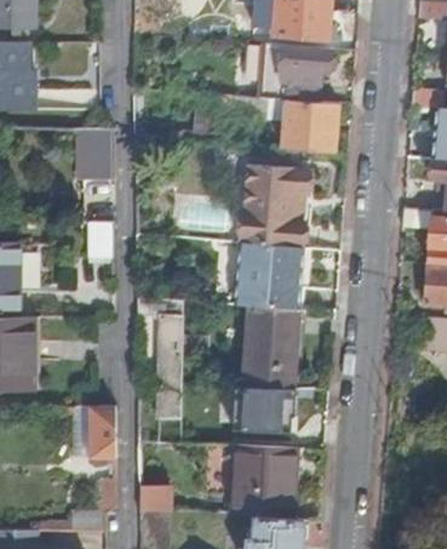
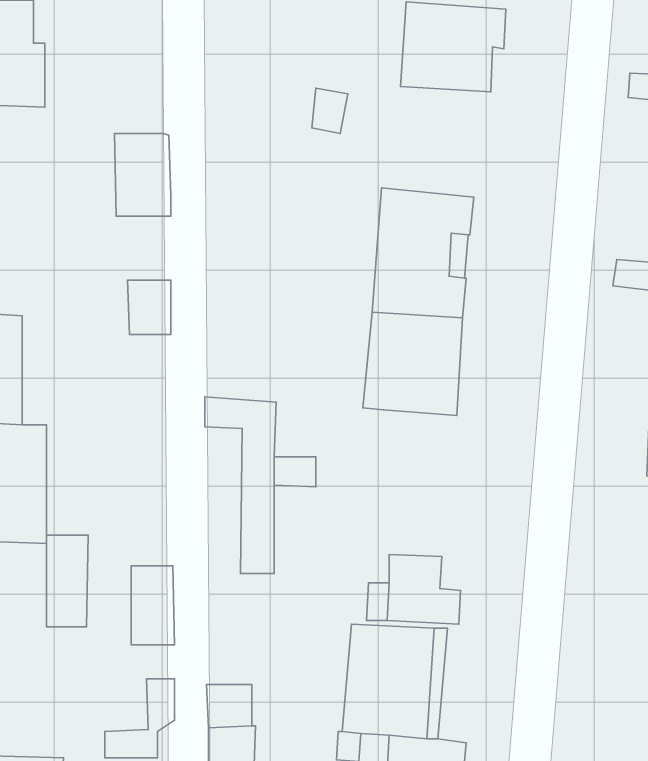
building: [230,95,339,151] -> none
building: [245,305,298,387] -> none
building: none -> [47,535,88,627]

